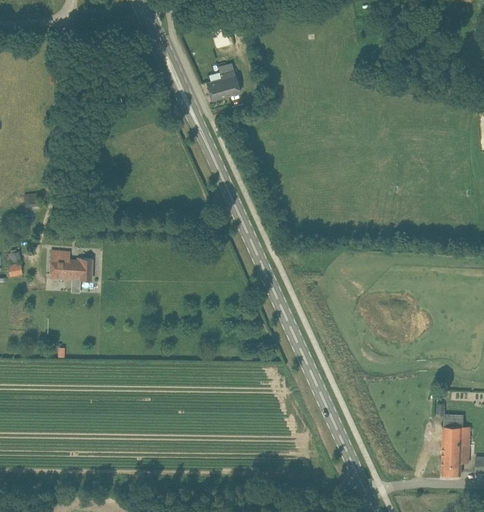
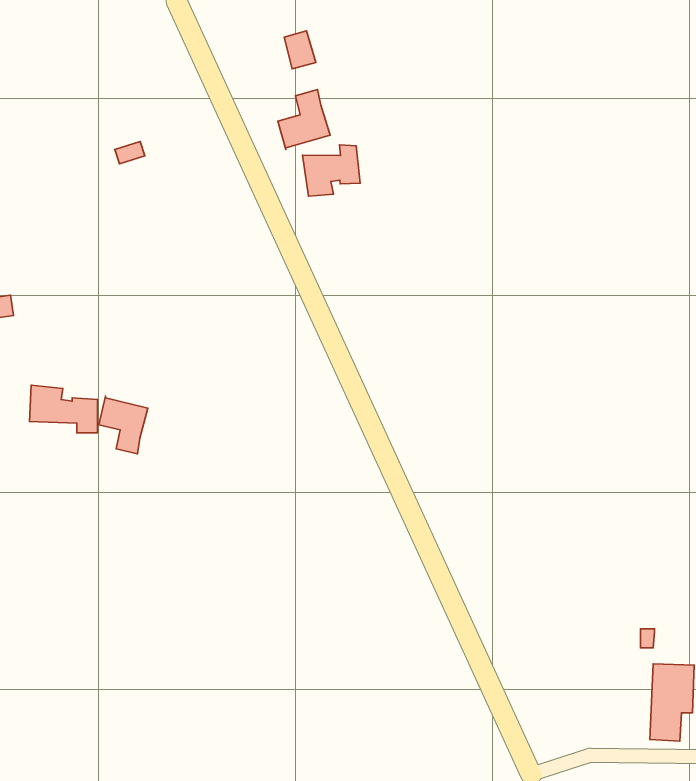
building: none -> [303,145,360,196]
building: none -> [99,396,148,454]

